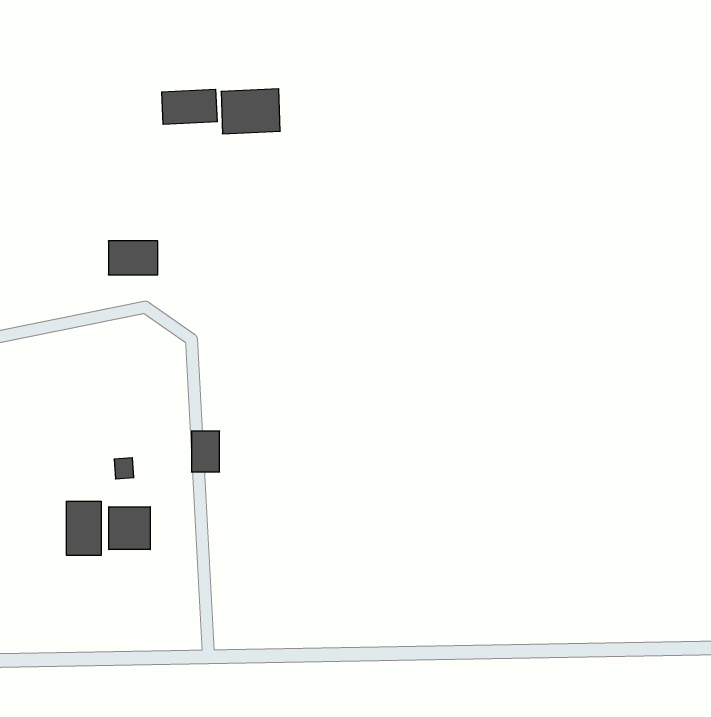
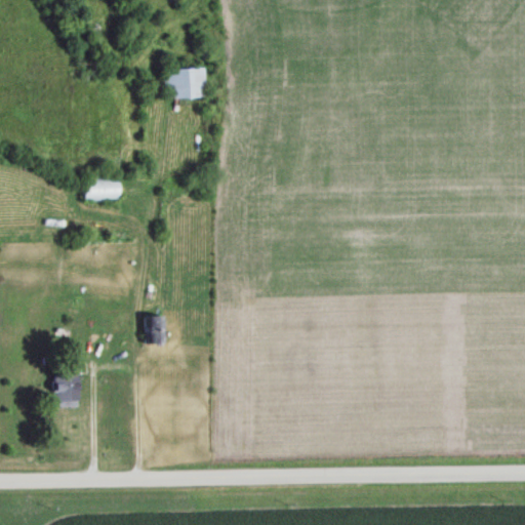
building: [162,89,217,124] -> none
building: [109,507,150,550] -> none

